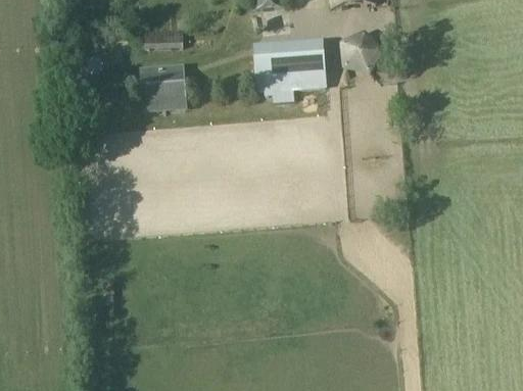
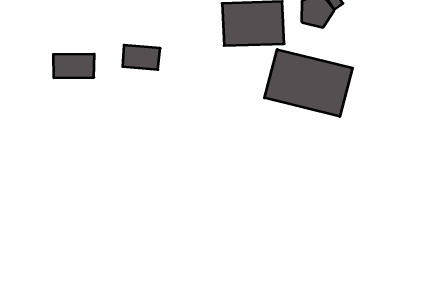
building: [140,67,186,96] -> [53,54,94,78]
building: none -> [264,49,353,117]

